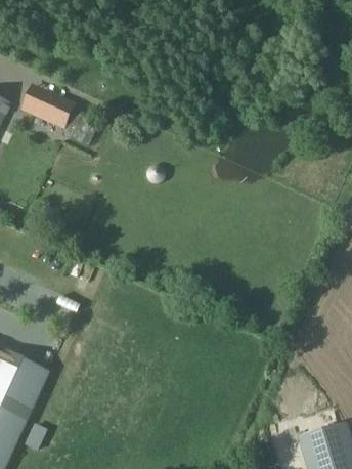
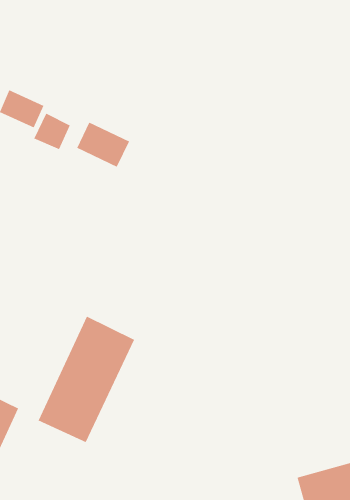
building: none -> [76,121,130,168]
building: none -> [37,316,135,443]

